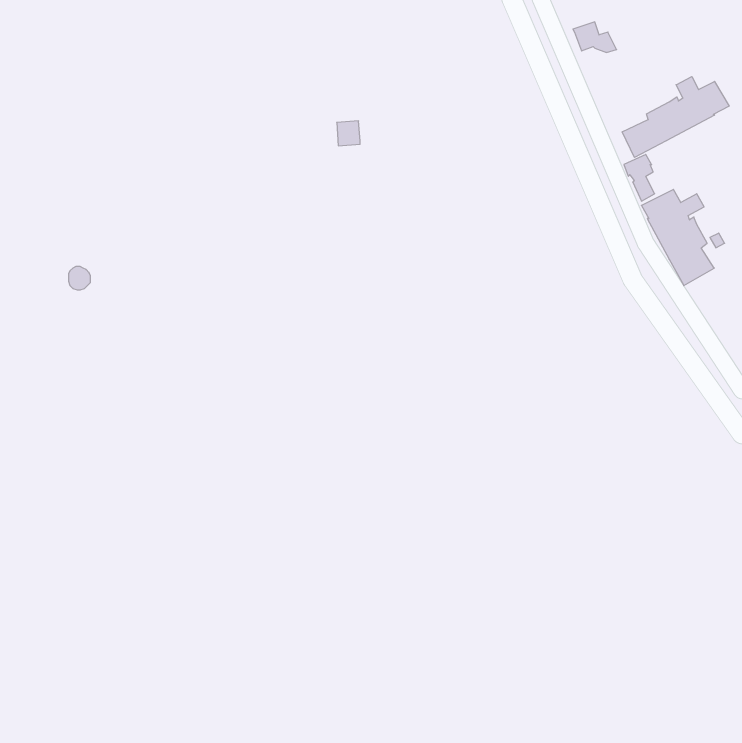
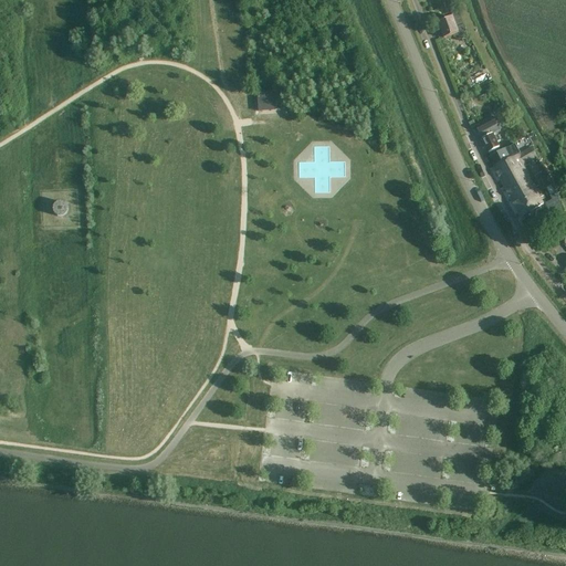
building: [622,77,729,157] -> none

